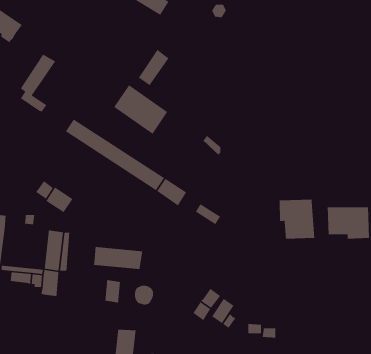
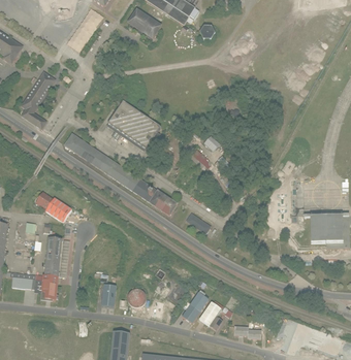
building: [138,49,170,86] -> none
building: [279,199,315,239] -> none
building: [93,246,143,270] -> none

